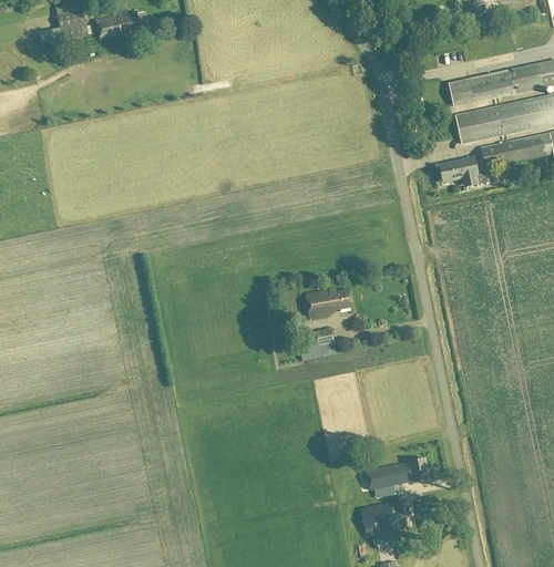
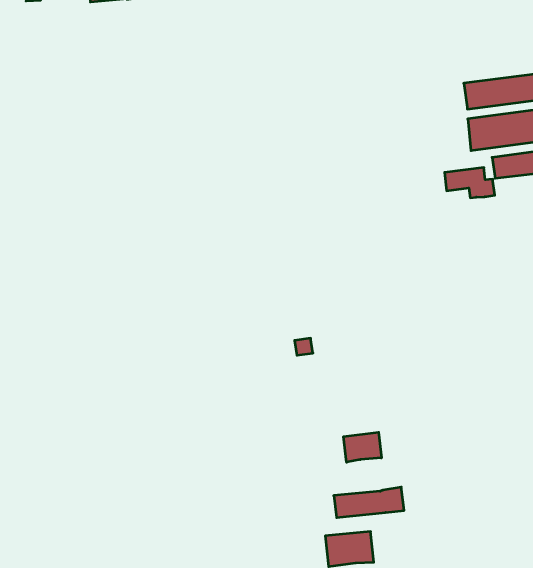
building: [305,288,351,317] -> none
building: none -> [344,432,381,462]

